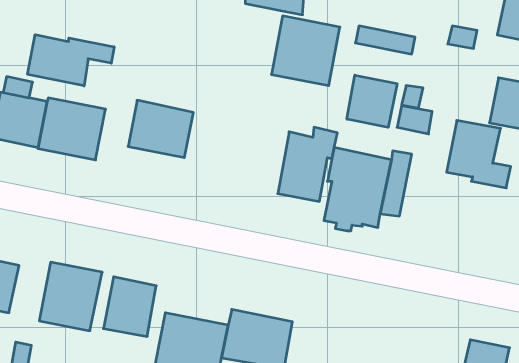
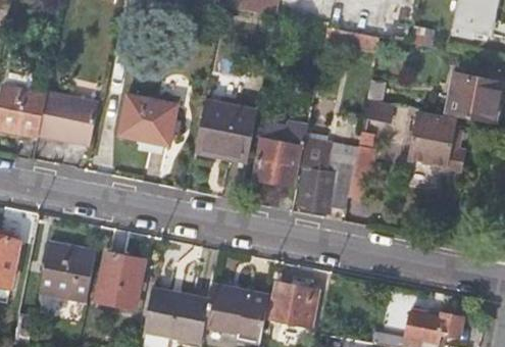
building: [271,16,340,86] -> [195,100,257,163]
building: [28,35,114,86] -> none
building: [347,75,397,127] -> none
building: none -> [270,284,318,326]

